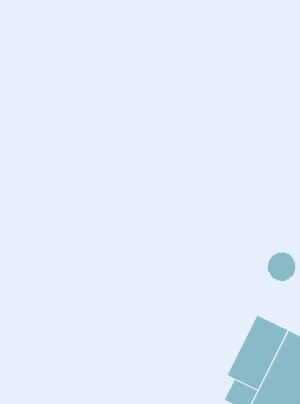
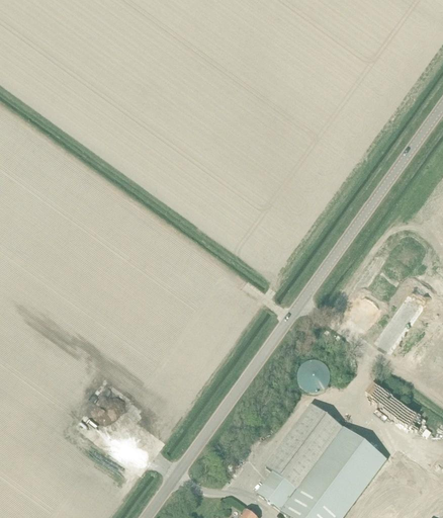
building: [267,252,296,282] -> [296,357,330,391]

